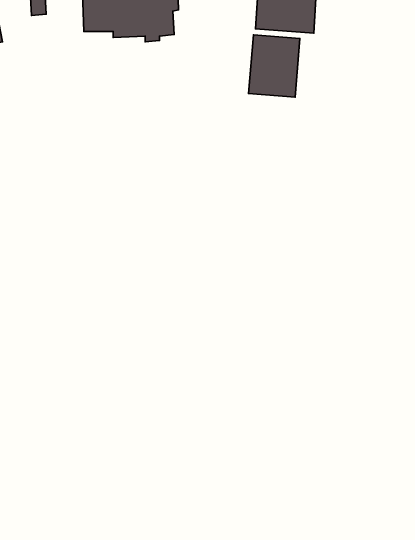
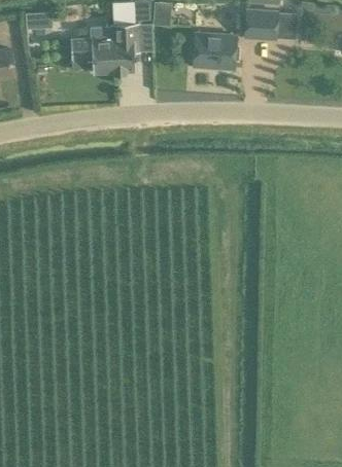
building: [249,35,300,97] -> none

